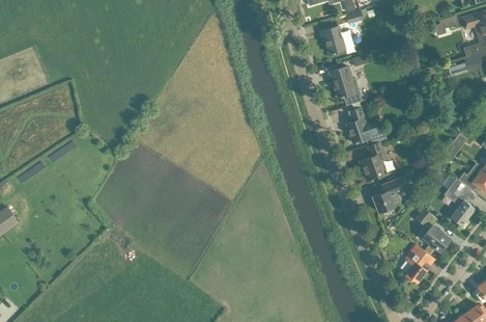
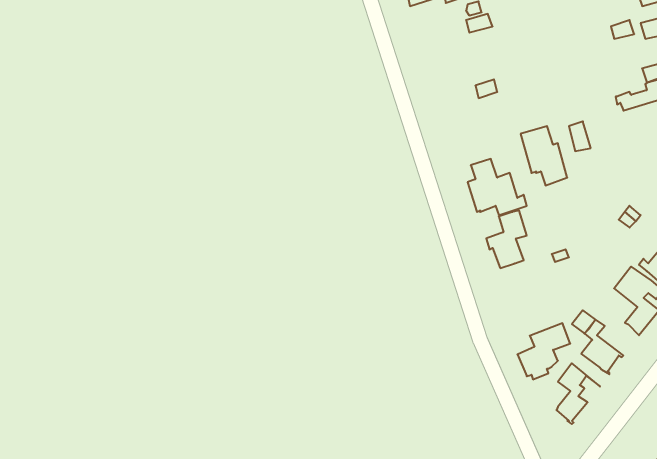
building: [325,25,353,53] -> none
building: [331,65,362,105] -> [521,126,567,185]
building: [373,176,408,213] -> [517,323,570,379]

